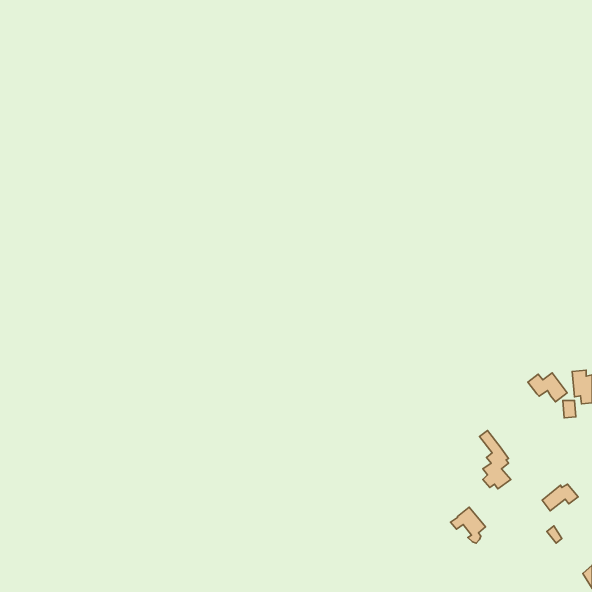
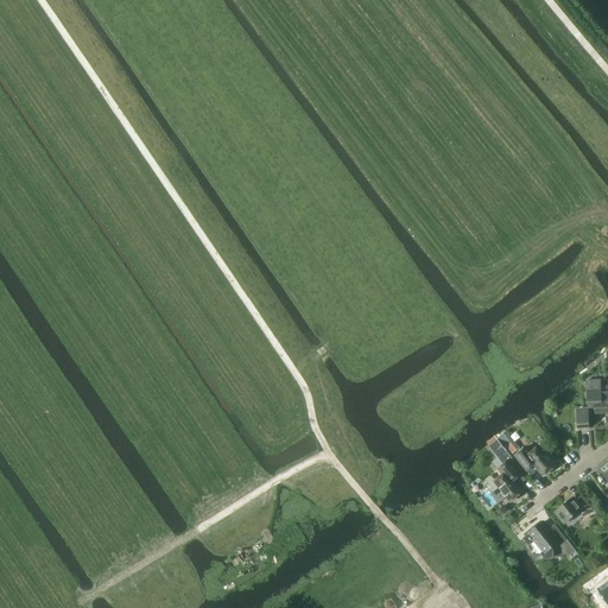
building: [528,373,567,402] -> [514,445,555,475]
building: [451,507,485,543] -> [522,521,558,558]

